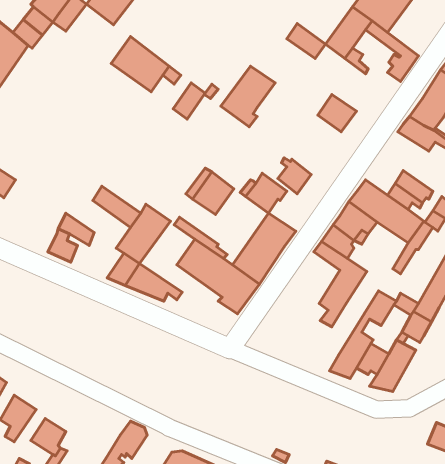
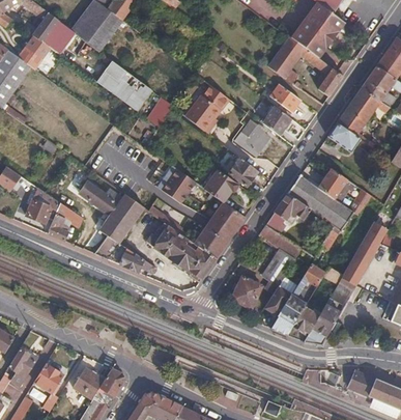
building: [287,23,325,58] -> [269,83,300,111]
building: none -> [234,118,268,155]
building: none -> [25,187,60,222]
building: none -> [264,274,299,315]
building: none -> [231,276,262,308]
building: none -> [71,367,104,398]

